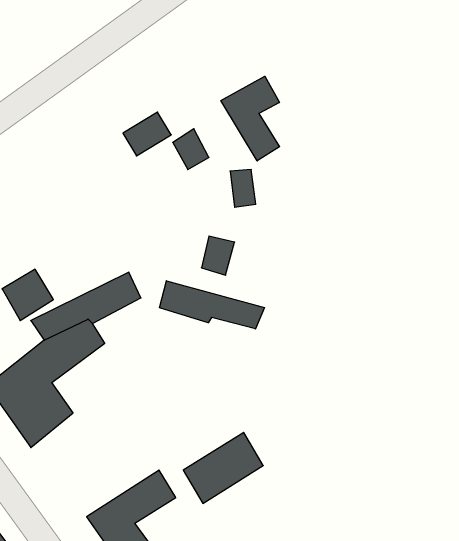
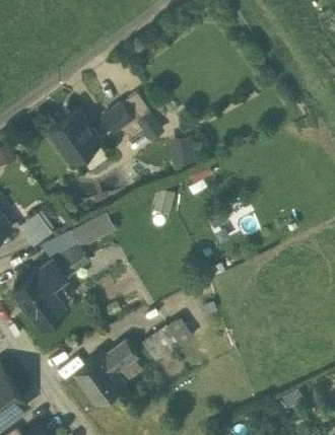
building: [221,76,280,161] -> none
building: none -> [45,113,99,169]
building: [160,281,265,329] -> none

